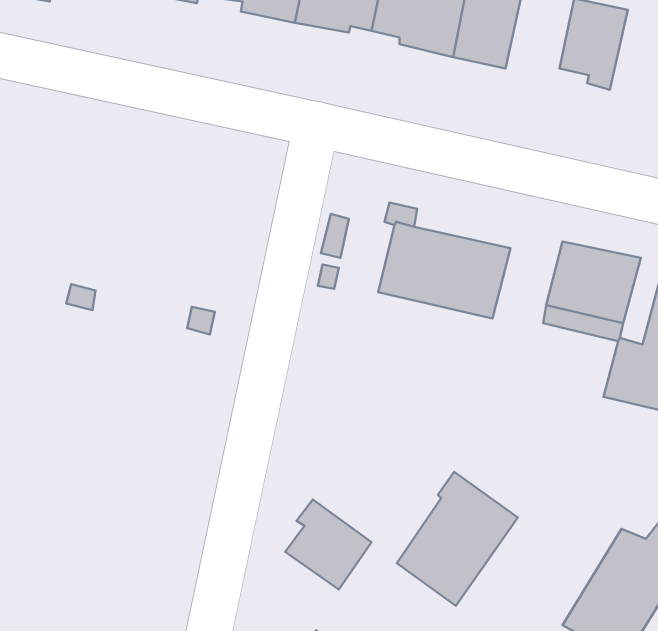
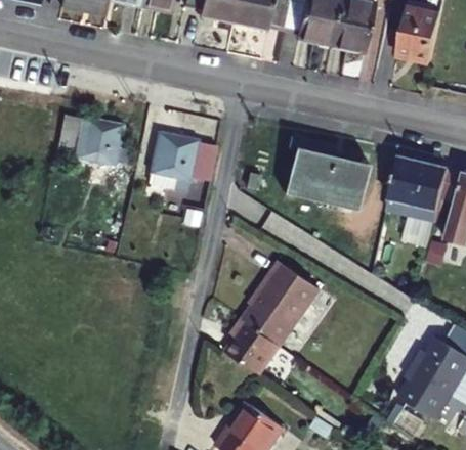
building: none -> [56,114,125,163]
building: none -> [151,133,217,188]
building: [397,472,518,606] -> [243,263,319,347]

